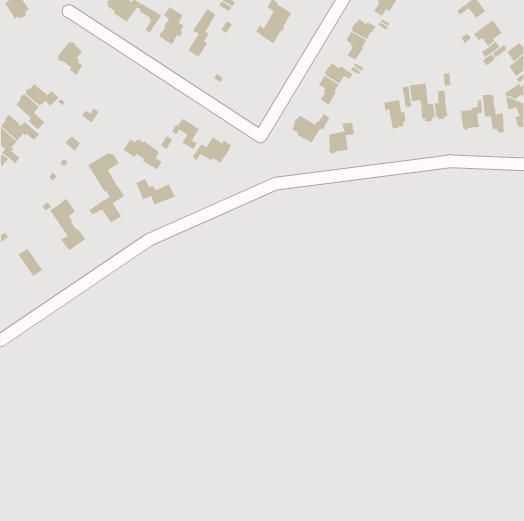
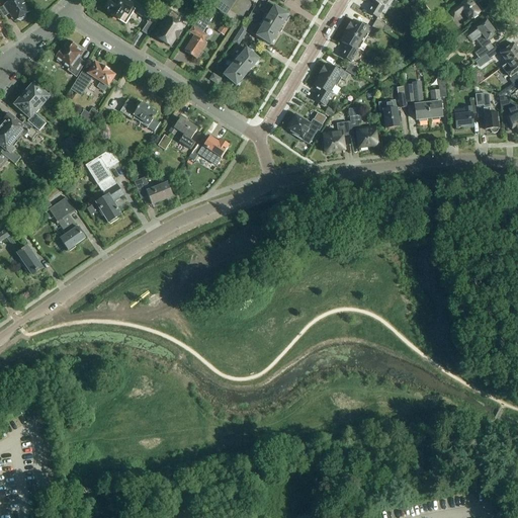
building: none -> [223,47,259,84]
building: none -> [77,61,114,89]
building: none -> [350,114,378,146]
building: [123,138,163,170] -> [120,98,160,130]

